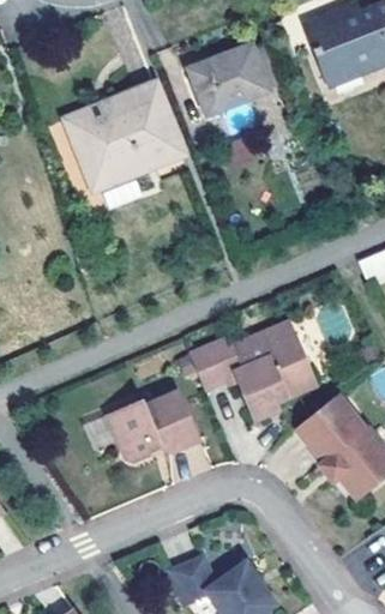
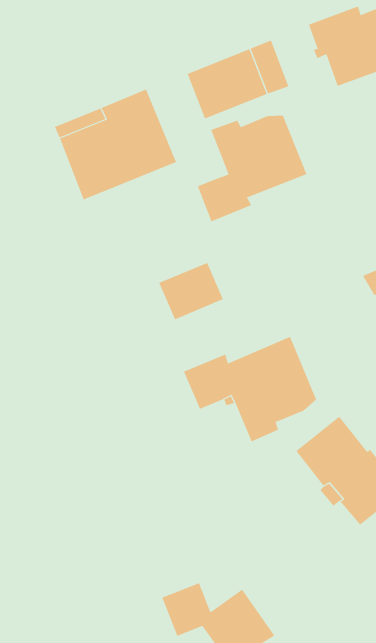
building: none -> [197,115,307,222]
building: none -> [159,262,224,320]
building: [106,391,199,462] -> none

